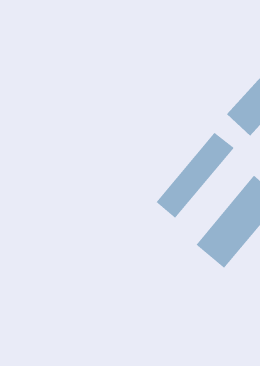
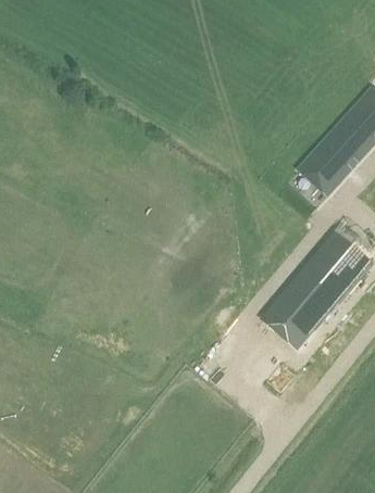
building: [155,131,235,219] -> none

